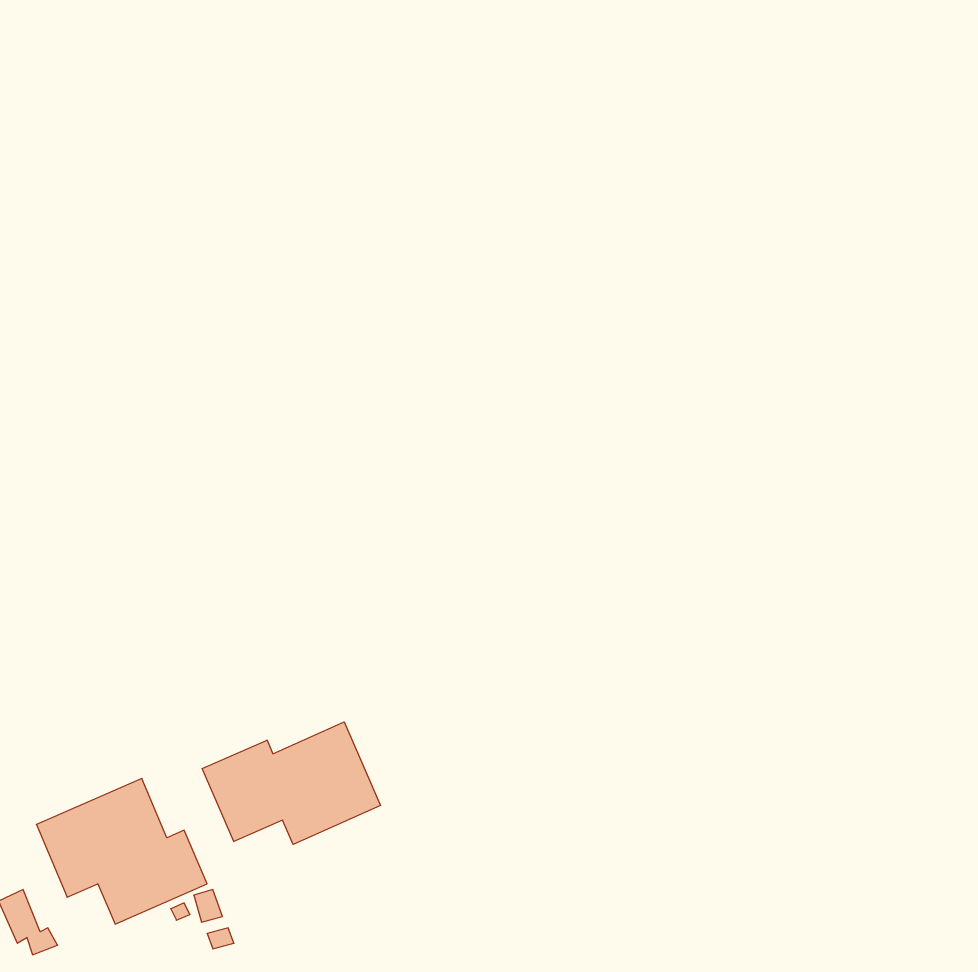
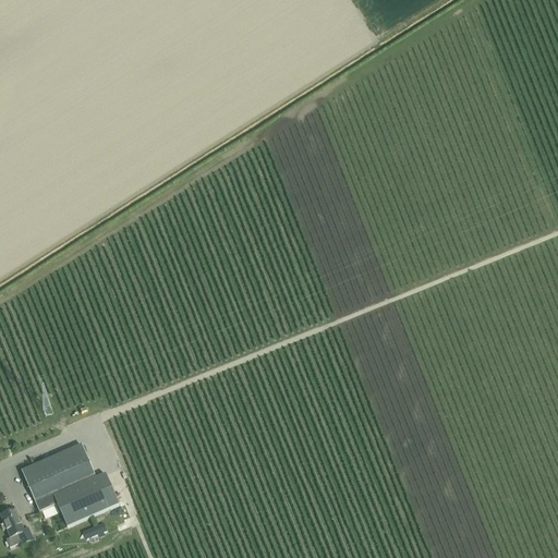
building: [202,722,381,844] -> none

